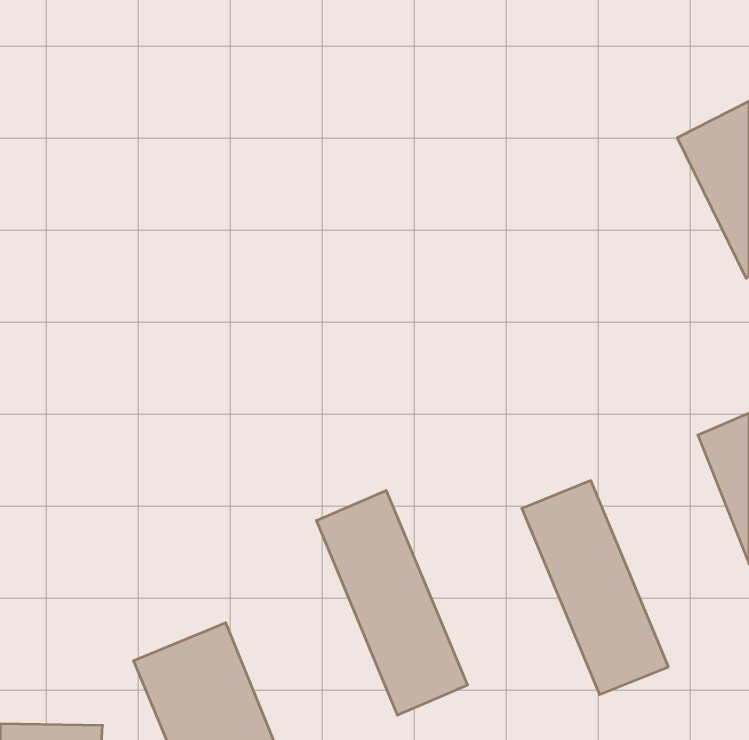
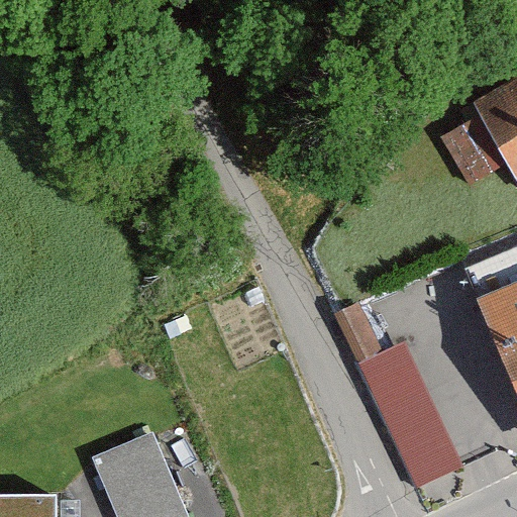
building: [316,490,467,715] -> none

